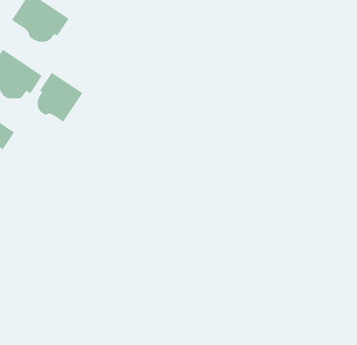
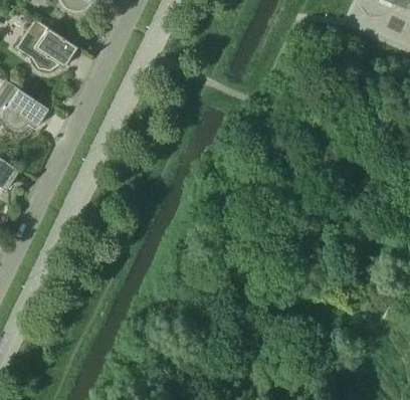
building: [37,72,83,122] -> none

